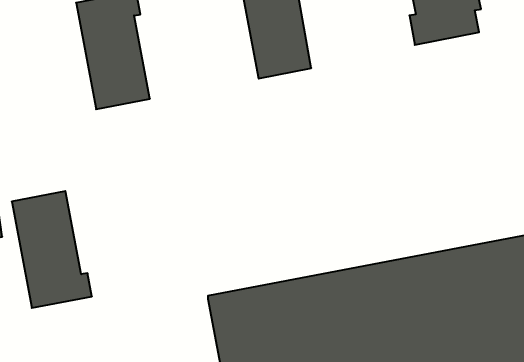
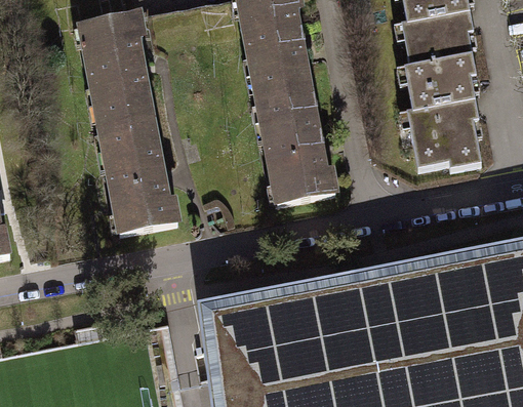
building: none -> [403,50,480,165]
building: none -> [256,85,333,199]
building: [12,191,92,308] -> [98,115,176,229]

